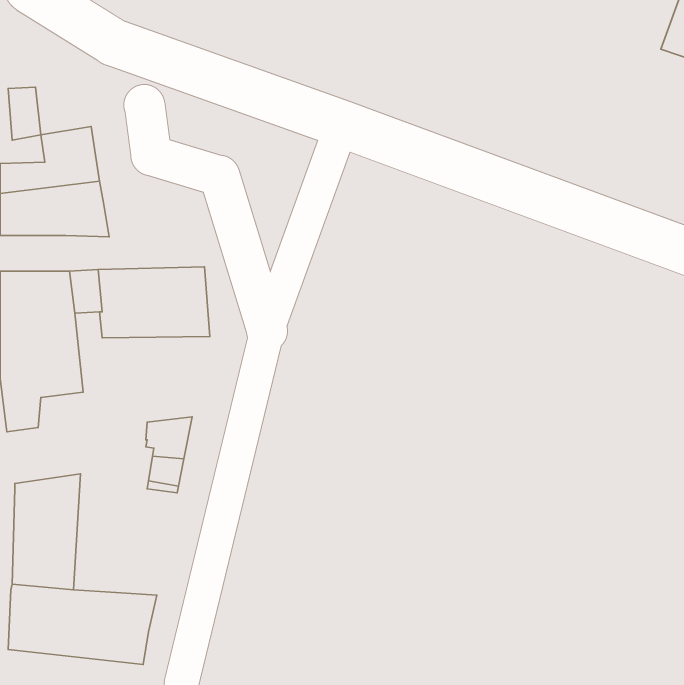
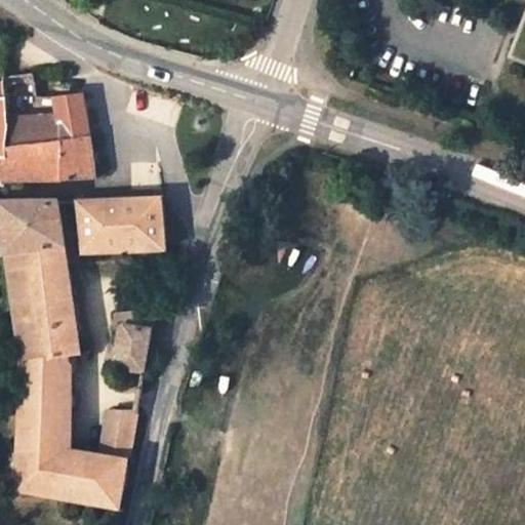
building: none -> [14,295,81,364]
building: none -> [96,407,134,448]

